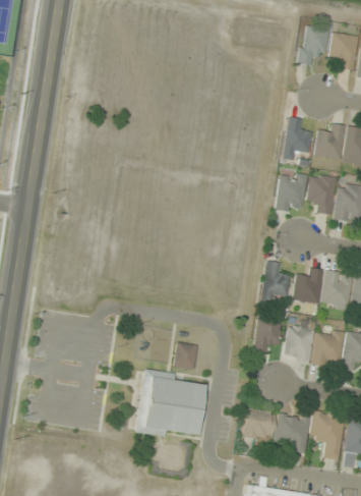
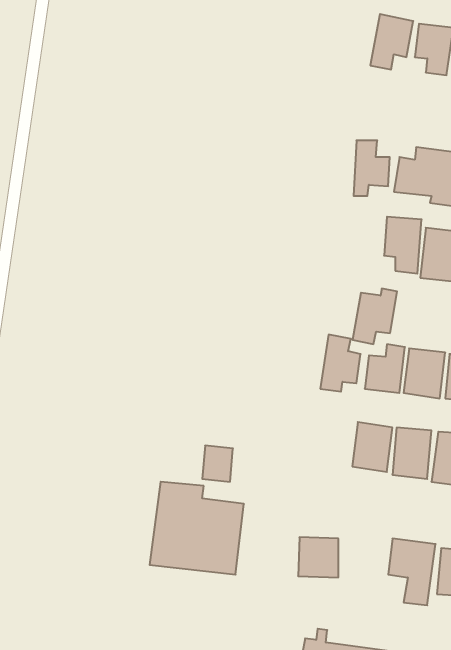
building: [275,172,307,213] -> [353,289,397,344]
building: [254,316,282,351] -> none
building: [275,412,310,449] -> none

